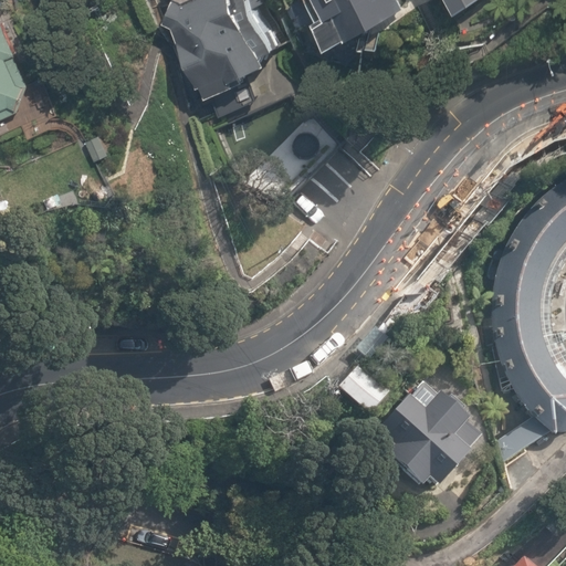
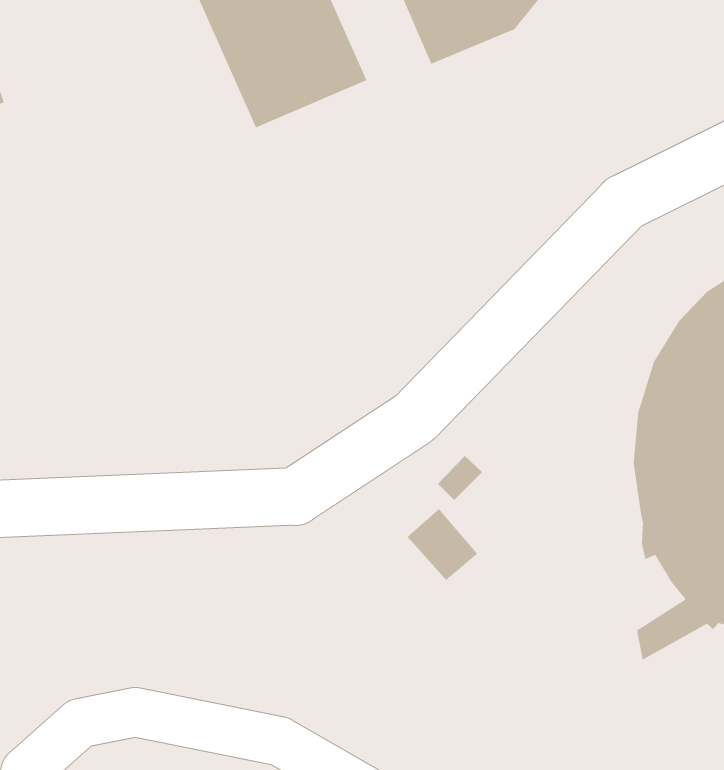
building: [360,377,478,503] -> none

